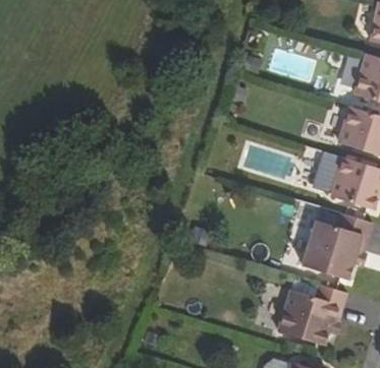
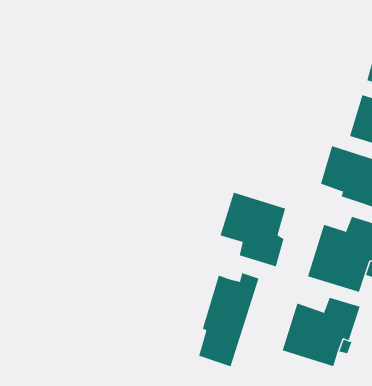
building: none -> [220,192,286,267]
building: none -> [199,270,259,367]

